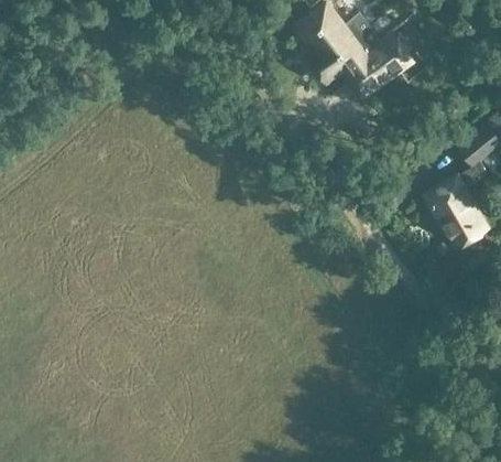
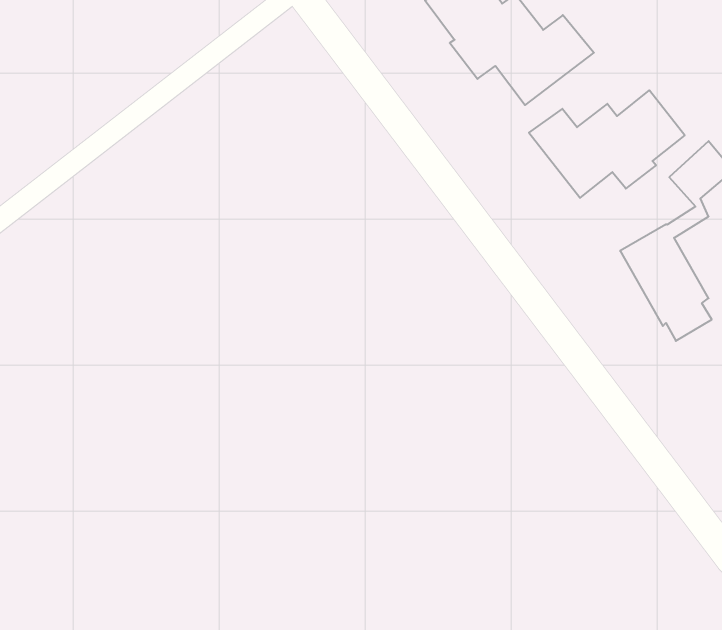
building: none -> [529,90,685,198]

